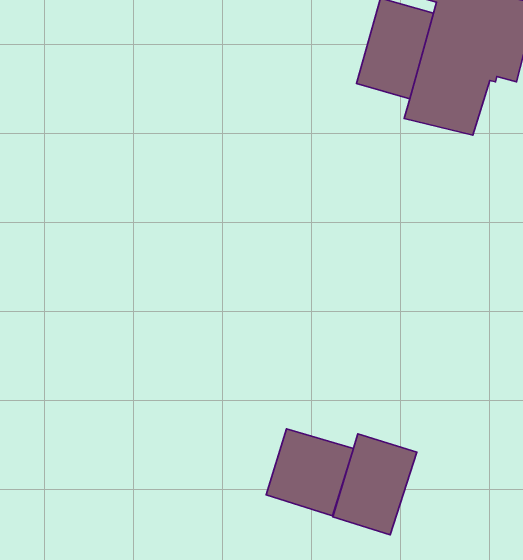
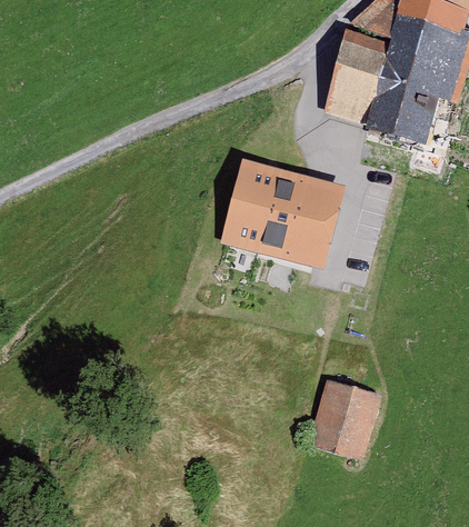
building: none -> [231,163,332,262]
building: [266,429,354,516] -> none

